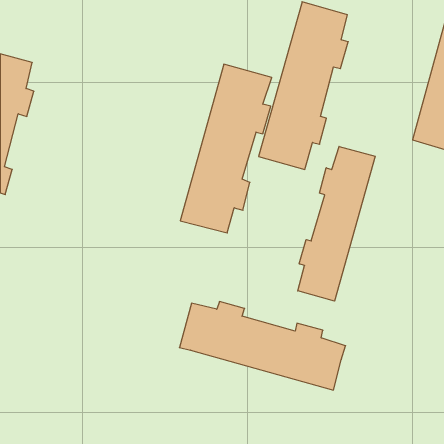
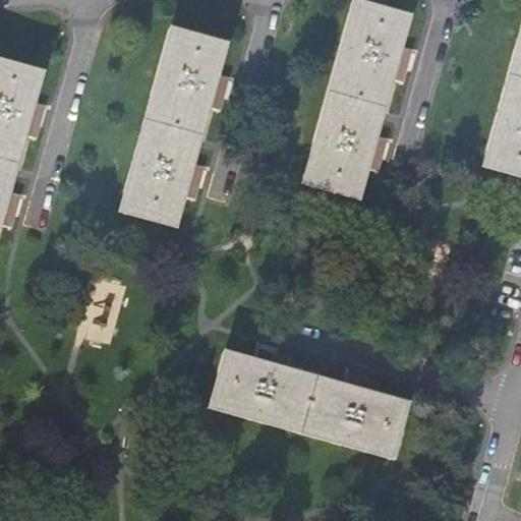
building: [180,64,272,233] -> [119,28,226,226]
building: [298,146,375,301] -> none

